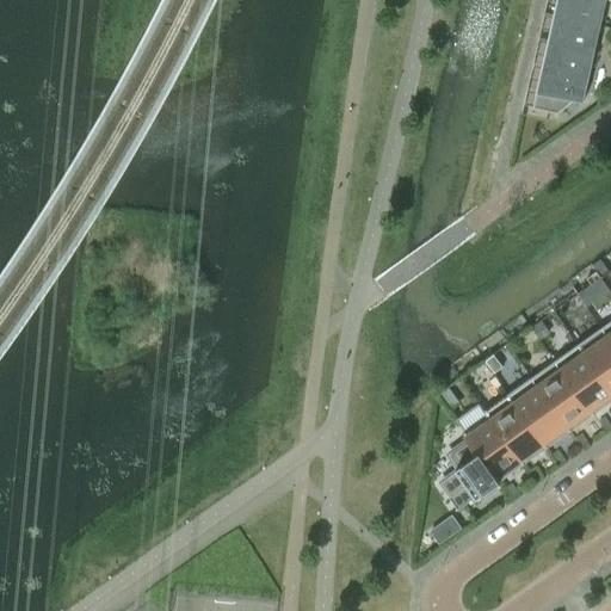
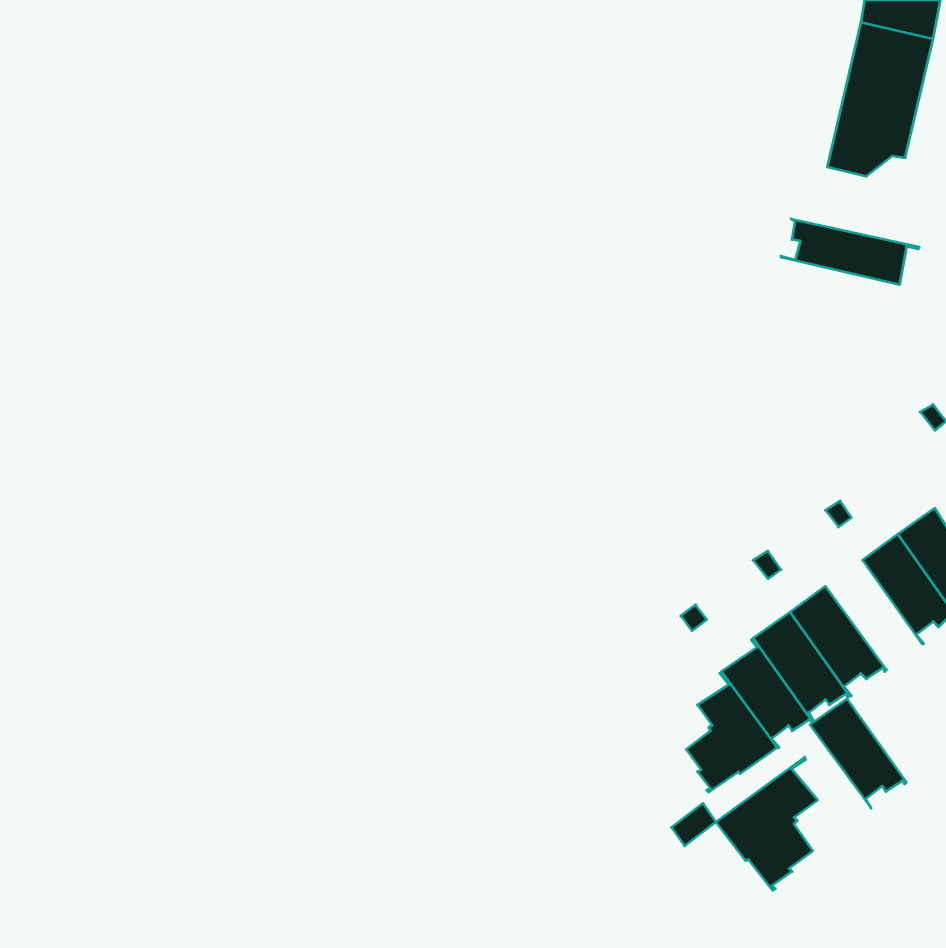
building: none -> [781,219,919,285]
building: [532,360,594,431] -> [810,699,906,808]
building: none -> [716,757,818,890]

